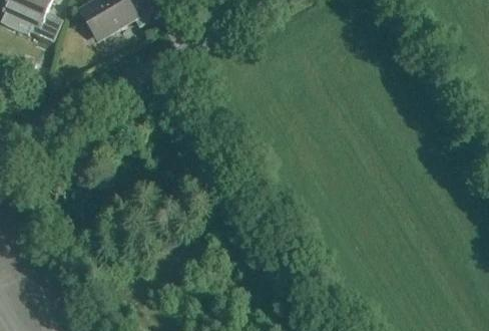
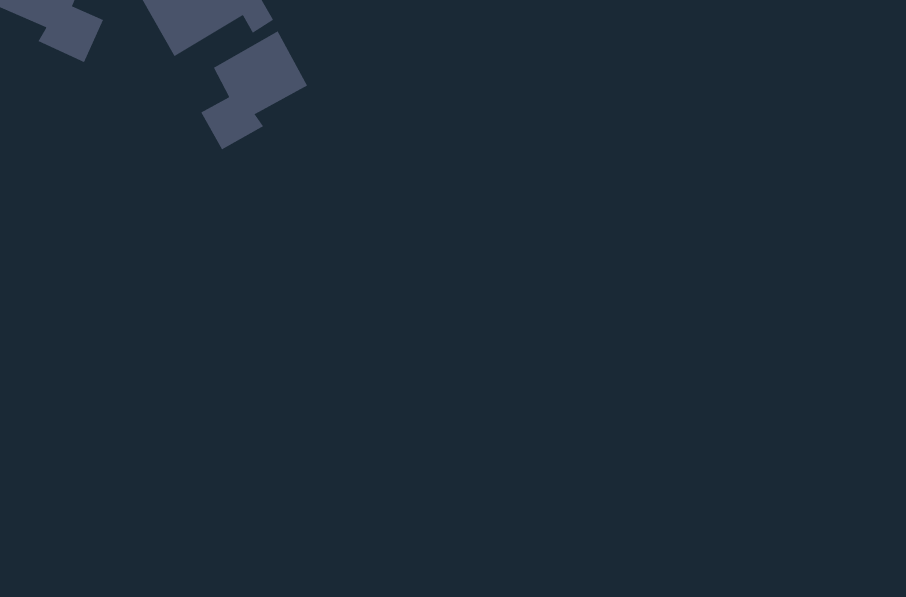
building: none -> [200,31,308,150]

